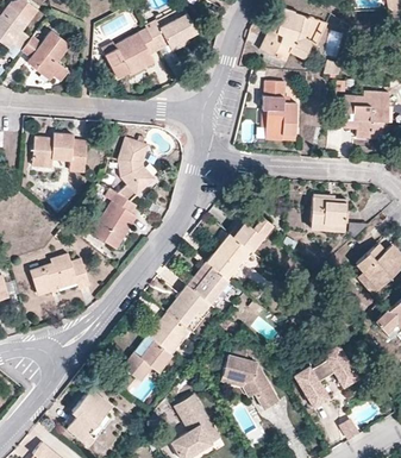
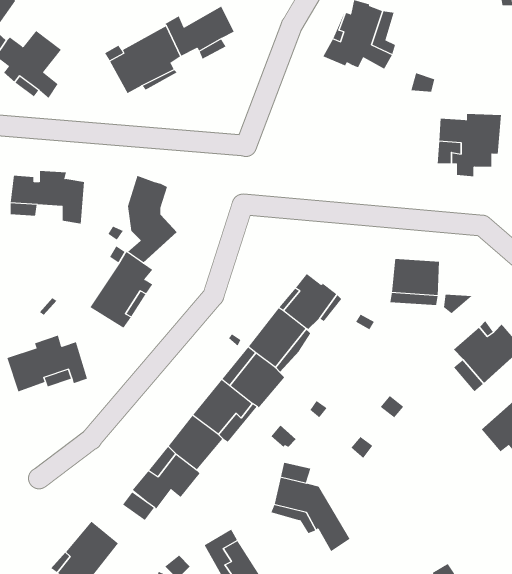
building: [264,80,300,139] -> none
building: [294,345,359,408] -> none

